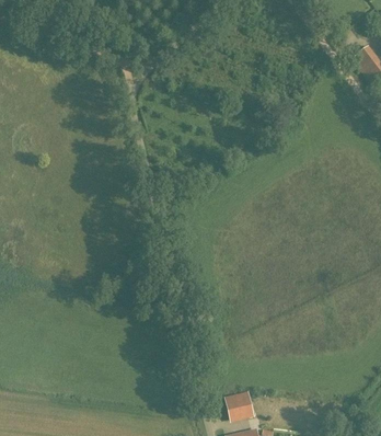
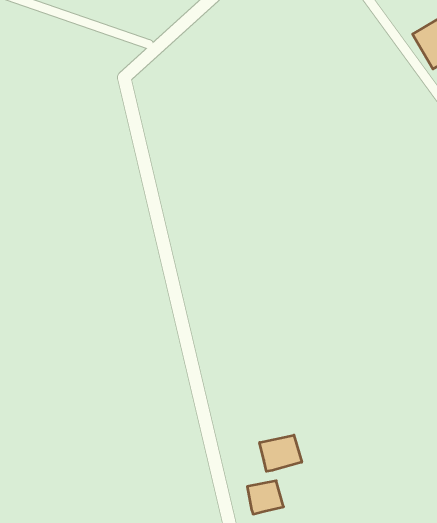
building: none -> [260,435,302,471]

